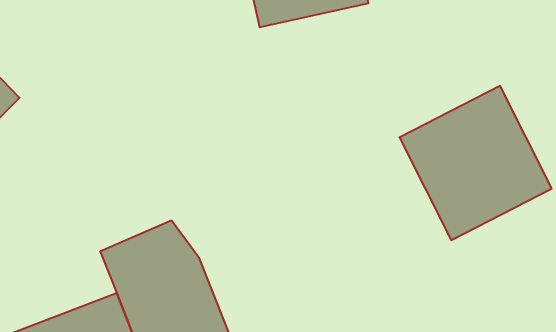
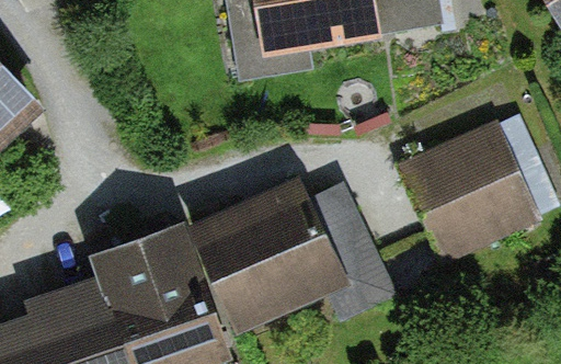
building: none -> [198,185,374,320]

